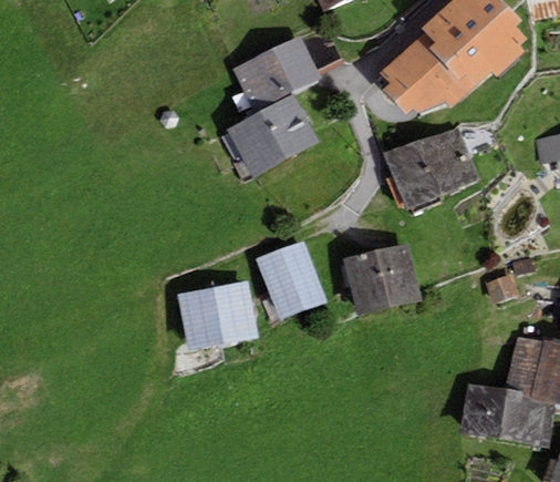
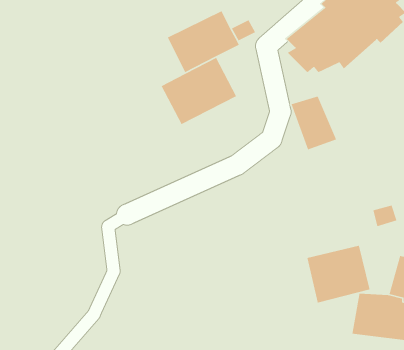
building: [419,130,479,194] -> none
building: [258,240,328,320] -> none
building: [344,242,423,314] -> [306,245,370,303]
building: [177,279,259,351] -> none

